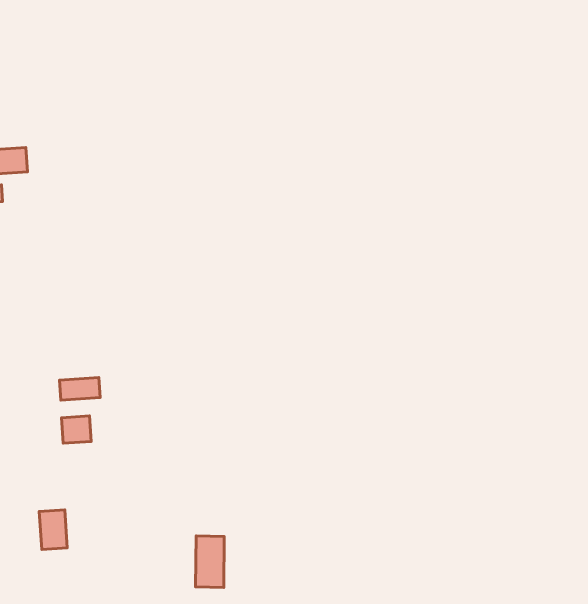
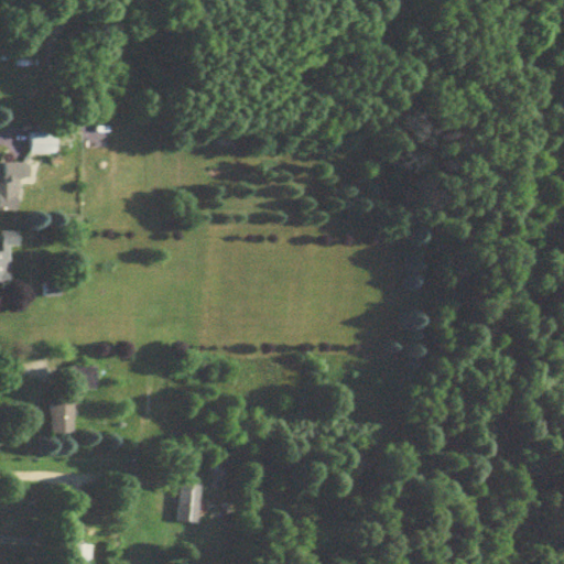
building: [60,378,100,400] -> none
building: [39,510,67,550] -> [51,401,73,434]

